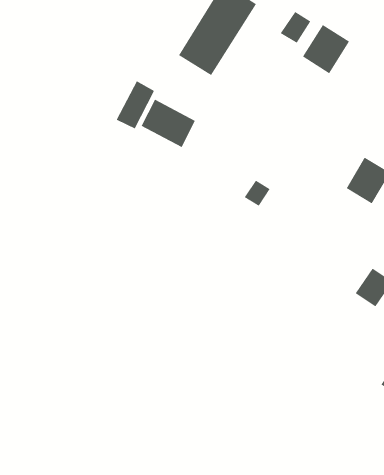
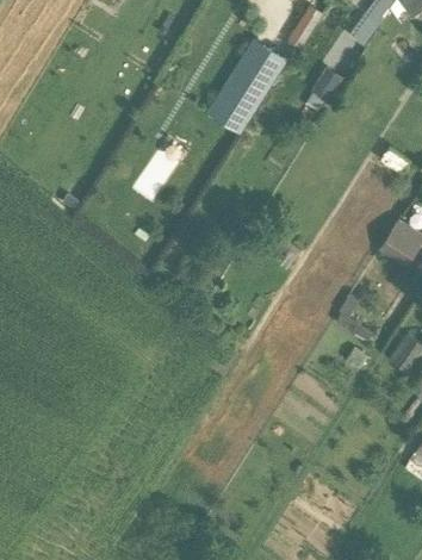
building: [302,24,350,74] -> none
building: [141,99,196,148] -> none

